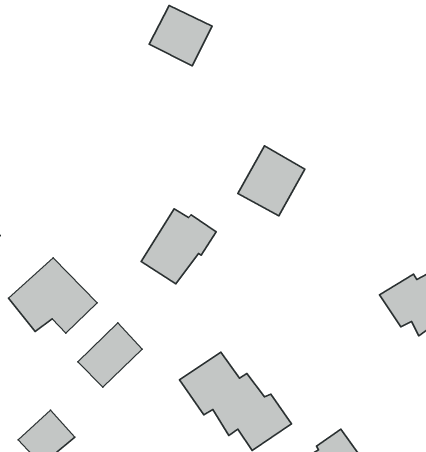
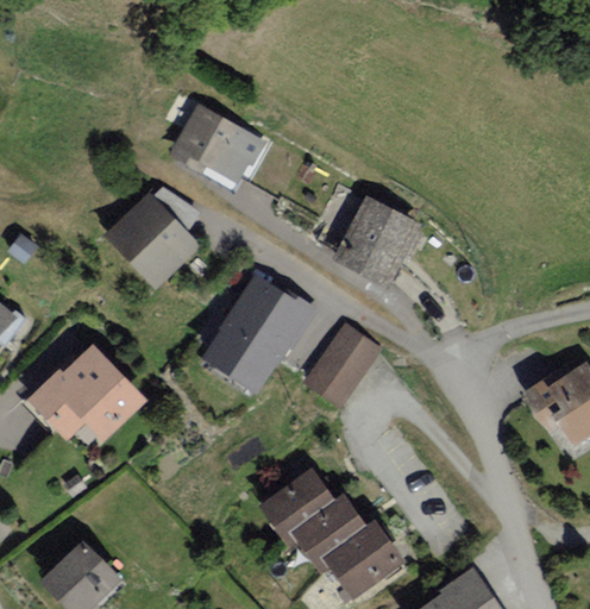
building: [149,6,212,66] -> [172,102,256,182]
building: none -> [108,195,200,288]
building: none -> [305,326,378,407]
building: [78,323,142,387] -> none

